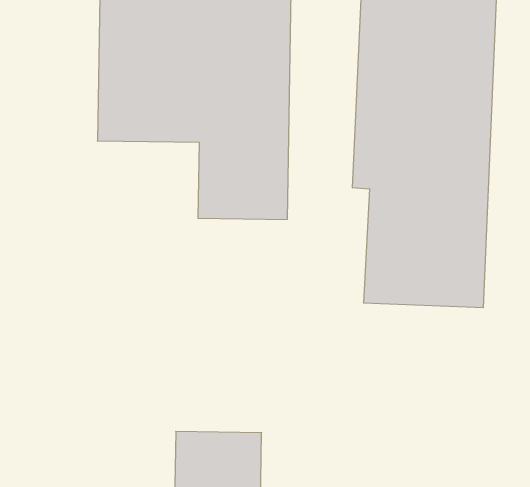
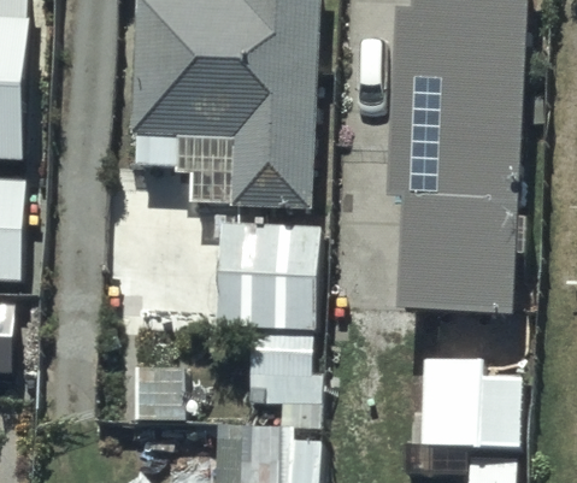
building: none -> [213,226,320,325]
building: none -> [416,351,517,442]

